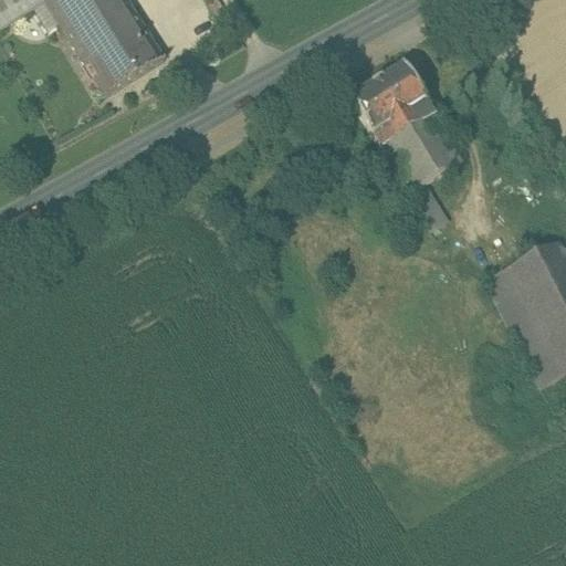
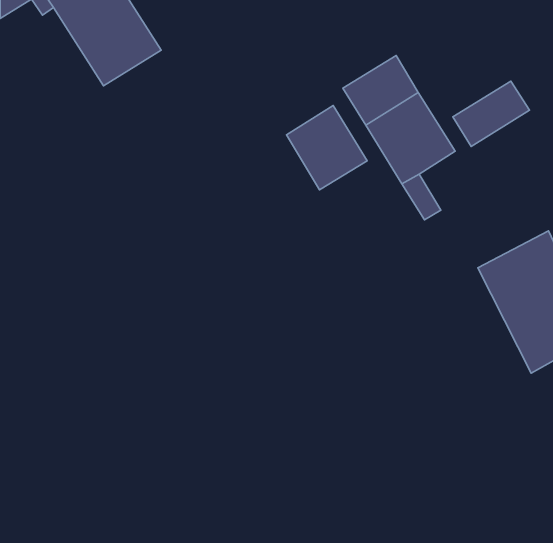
building: none -> [453,81,530,147]
building: none -> [287,105,367,190]

